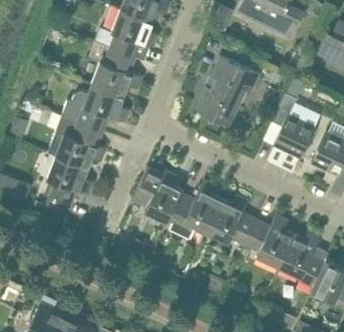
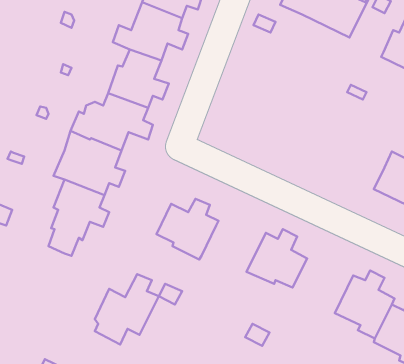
building: [196,57,259,125] -> none
building: [268,95,315,159] -> none
building: [168,183,222,241] -> [95,274,159,345]
building: [244,217,294,267] -> none

